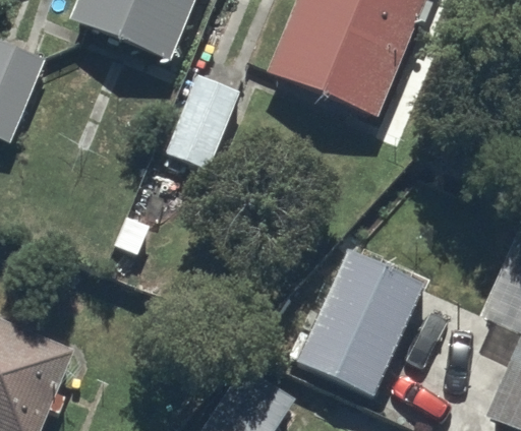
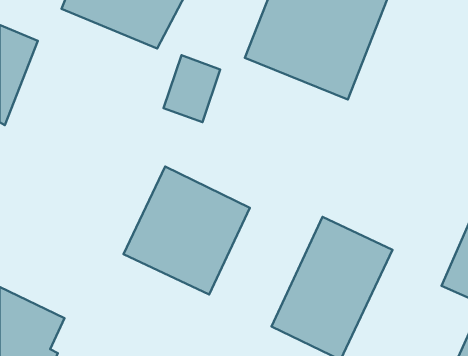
building: none -> [124,166,250,295]

